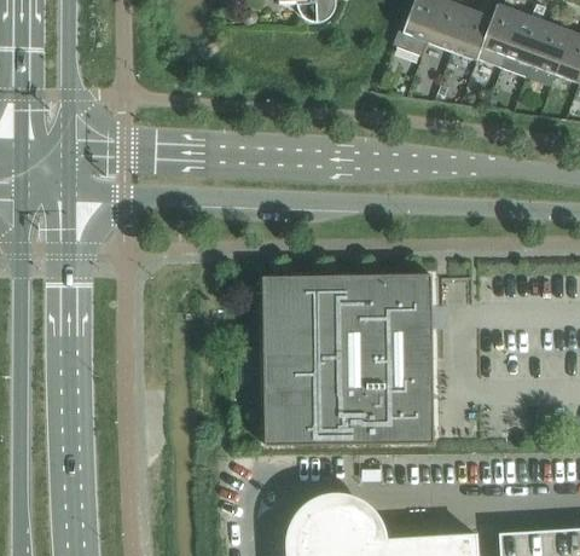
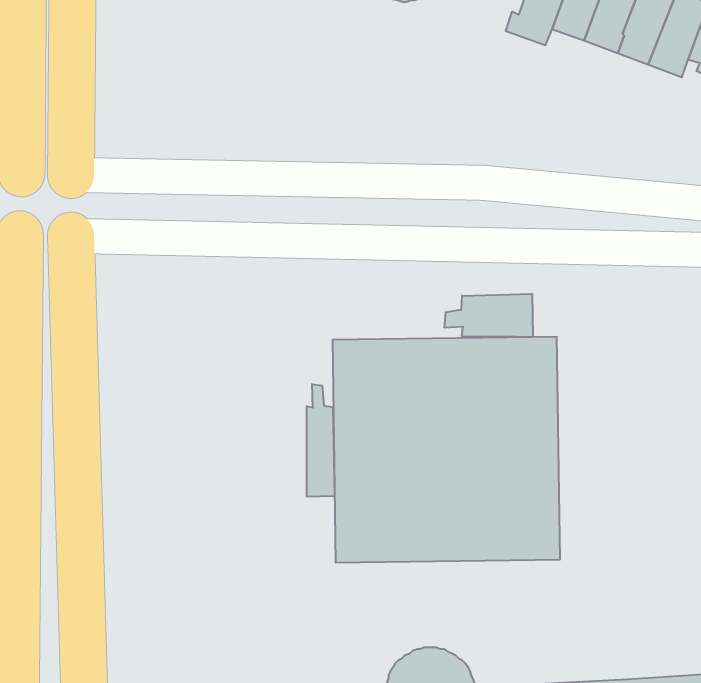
building: none -> [445,294,533,337]
building: none -> [307,384,335,497]

